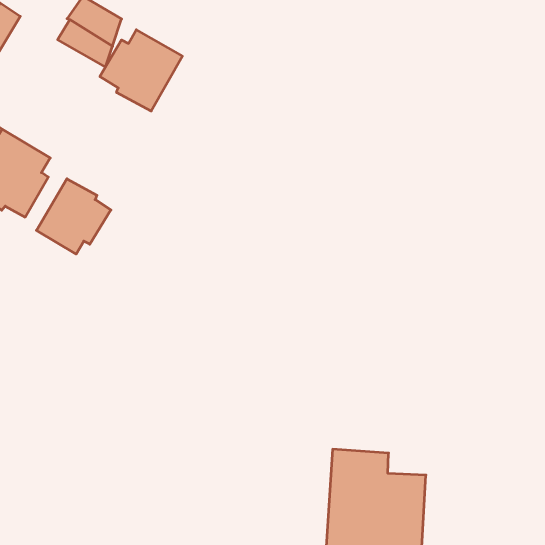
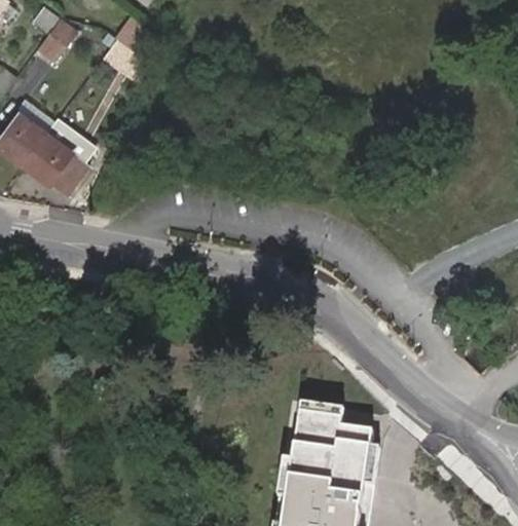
building: [100,30,182,111] -> none
building: [36,179,111,254] -> none

